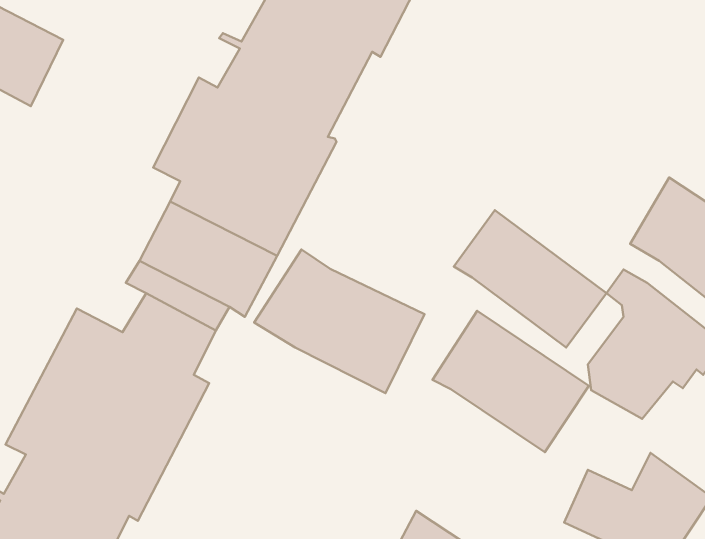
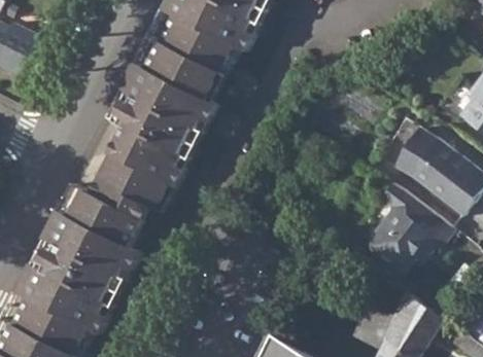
building: [454,210,606,347] -> none
building: [254,249,424,393] -> none
building: [433,311,589,452] -> none

